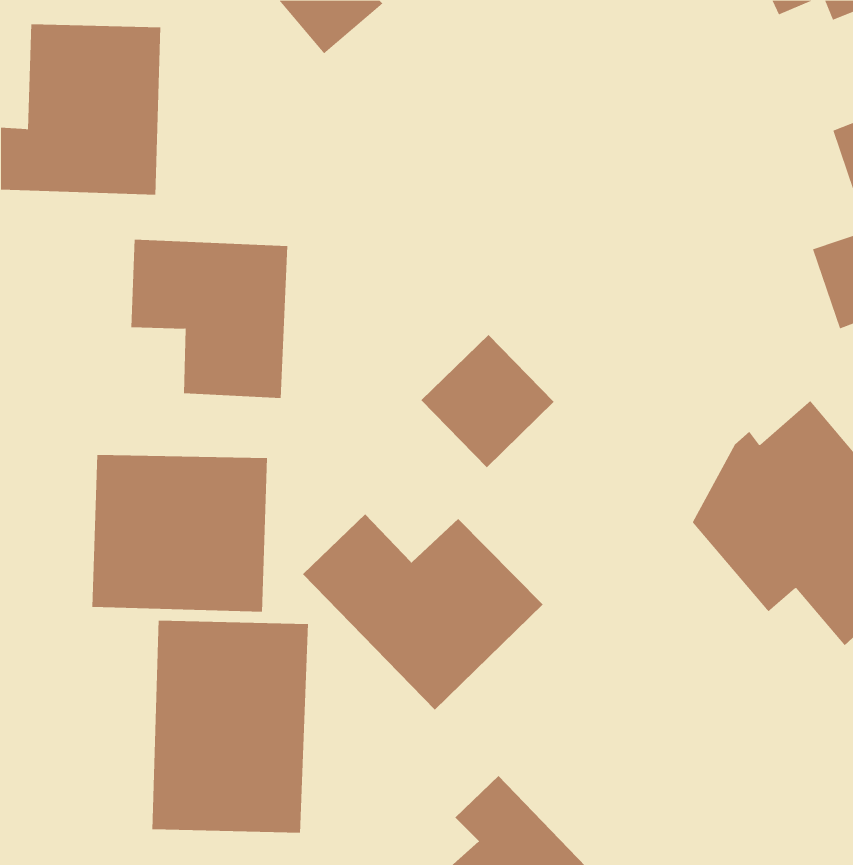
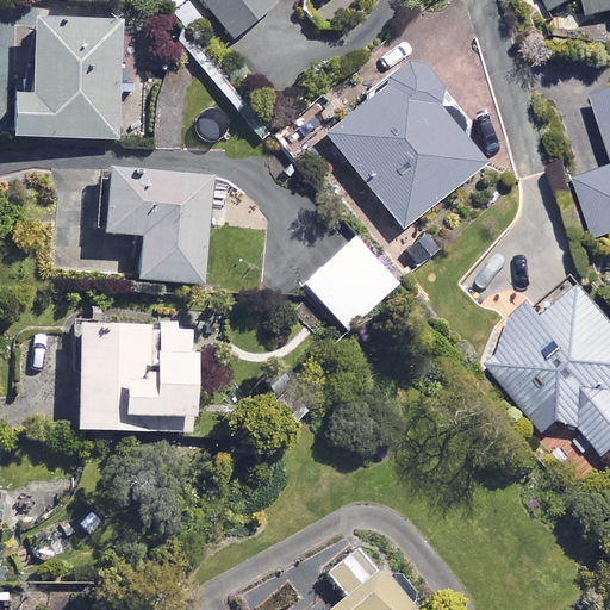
building: none -> [324,57,481,228]
building: [302,513,543,710] -> none
building: [152,620,308,834] -> none

